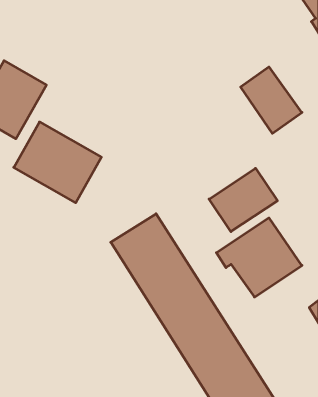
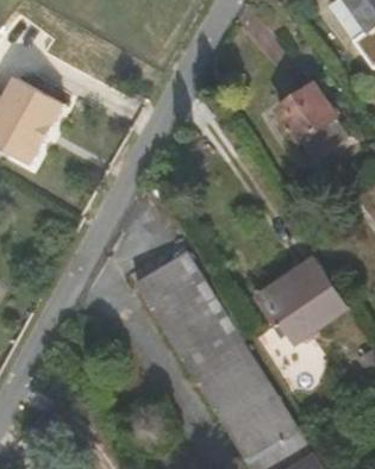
building: [14,122,101,203] -> none
building: [209,168,277,232] -> none

